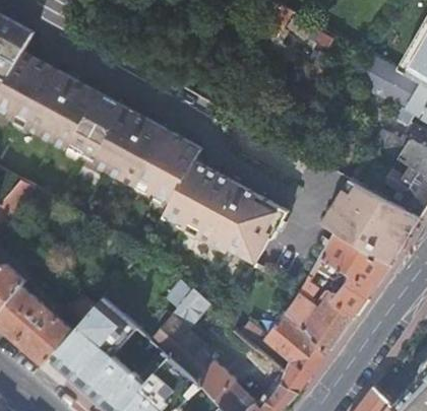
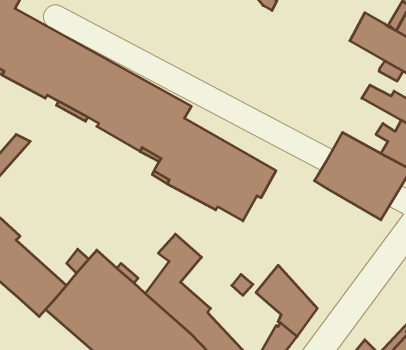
building: [288,233,390,354] -> none

